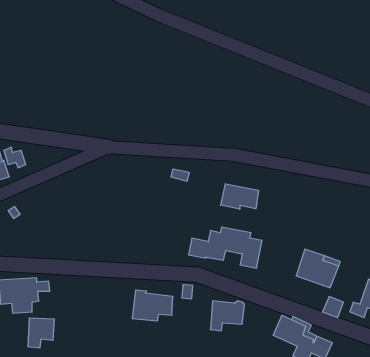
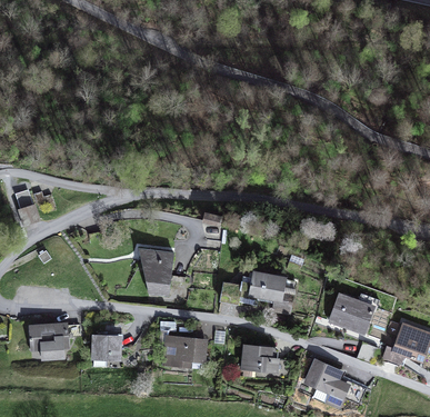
building: [221,184,258,209] -> none
building: none -> [140,248,172,295]
building: [28,318,54,348] -> [92,336,119,366]

